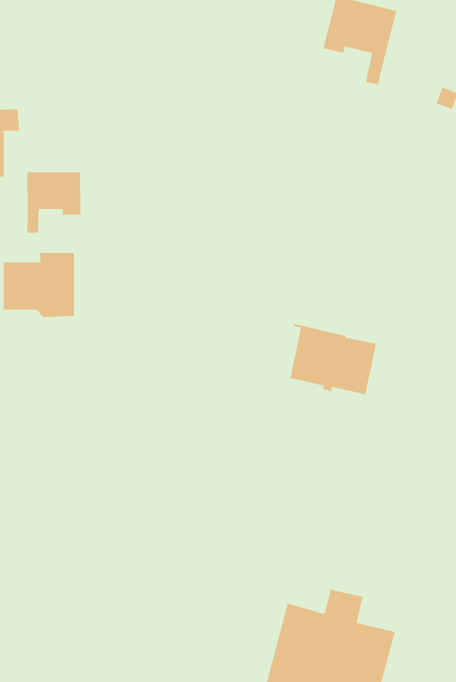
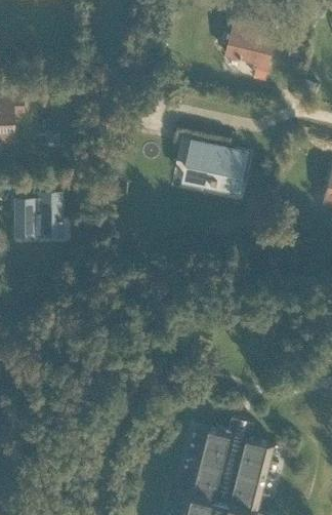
building: [26,171,81,233] -> none
building: [290,323,377,395] -> [186,142,245,190]

